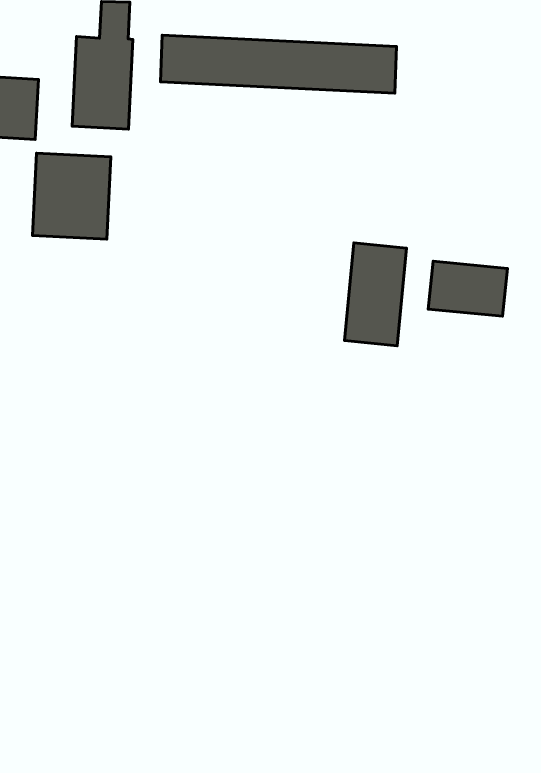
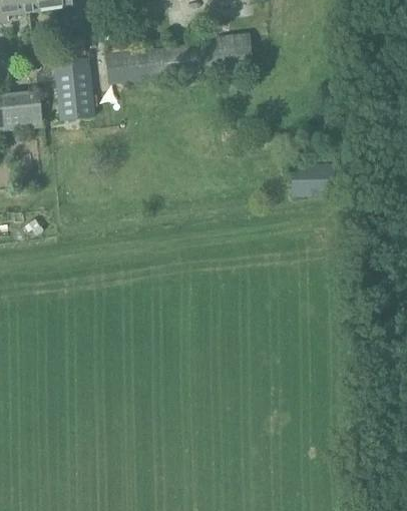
building: [32,153,111,239] -> none
building: [344,243,406,346] -> none

